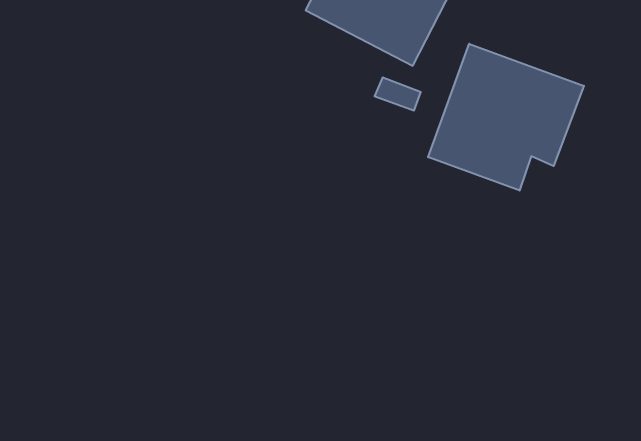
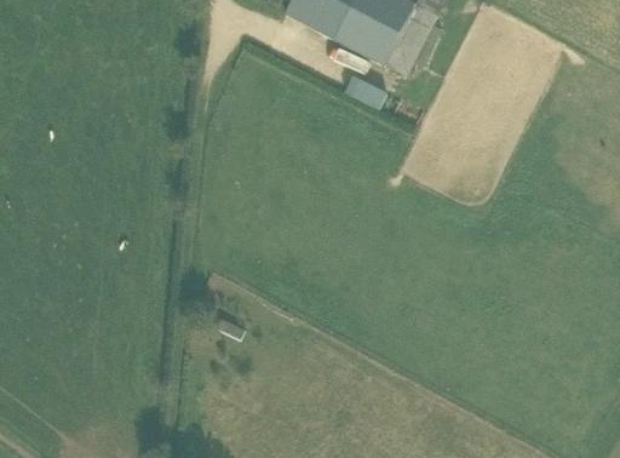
building: [428,44,584,191] -> none

